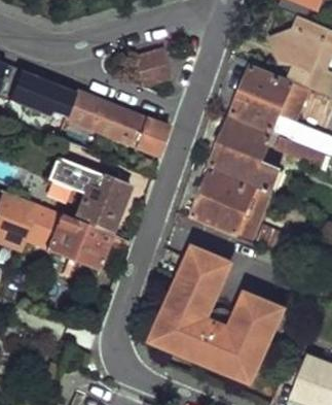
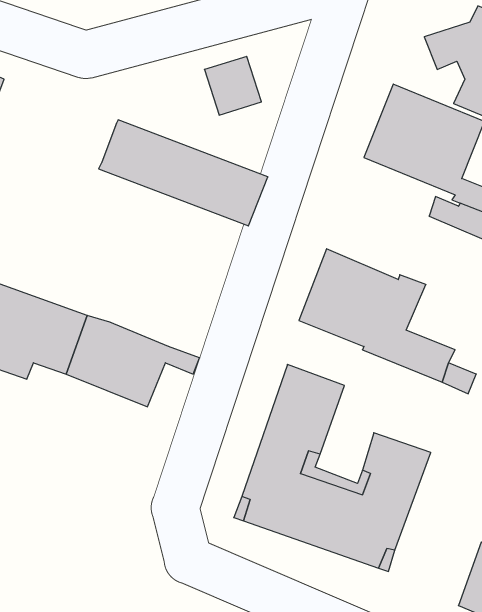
building: [7,69,76,116] -> none
building: [212,122,281,194] -> none
building: [44,156,127,233] -> none

